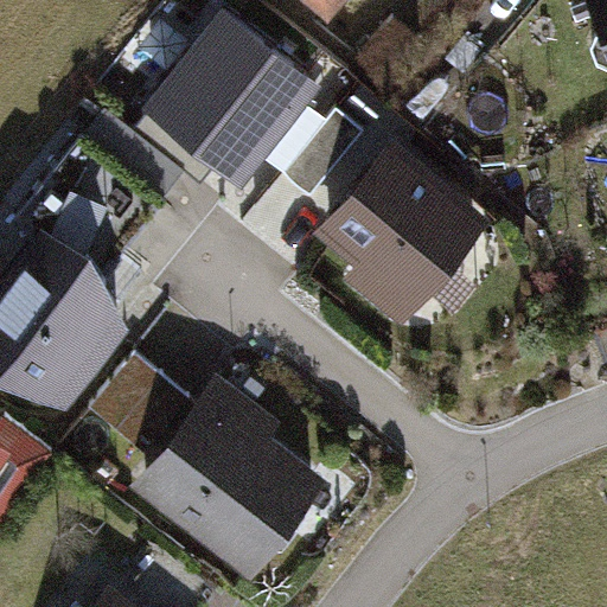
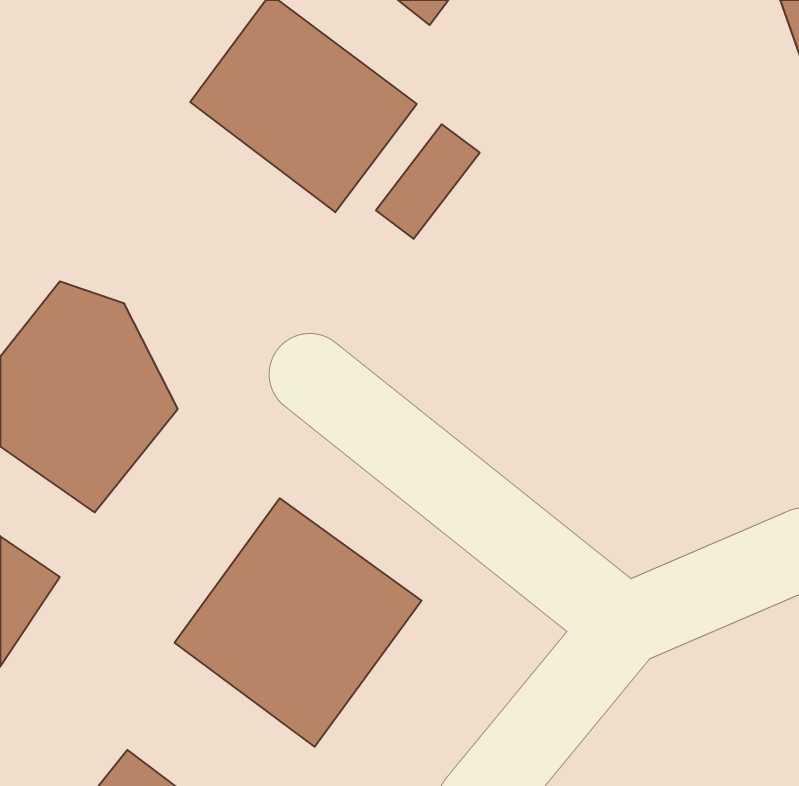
building: [332,152,484,332] -> none
building: [91,350,192,449] -> none

